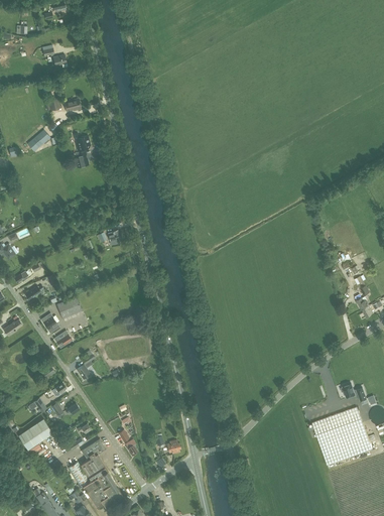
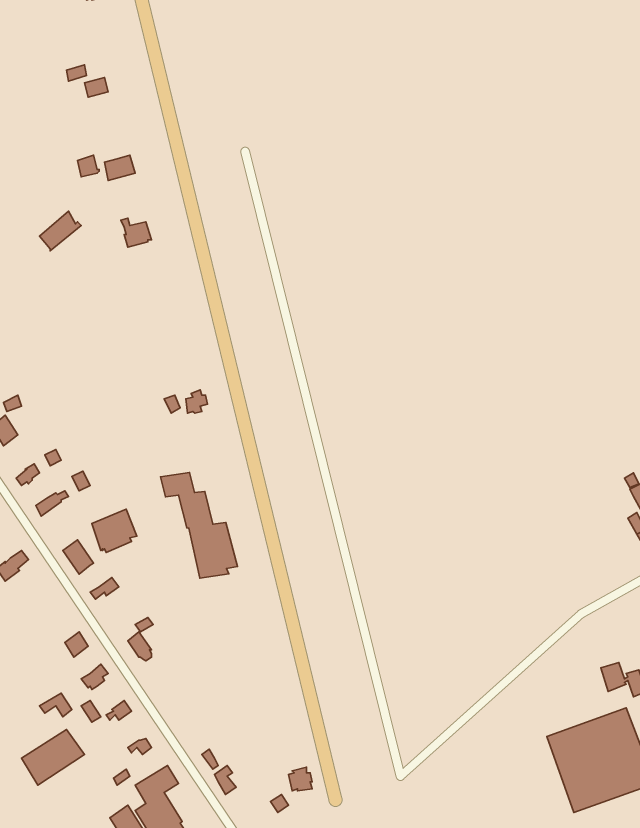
building: none -> [160,472,237,578]

